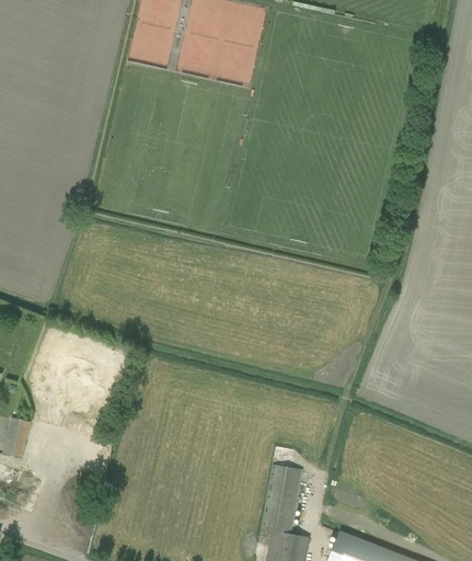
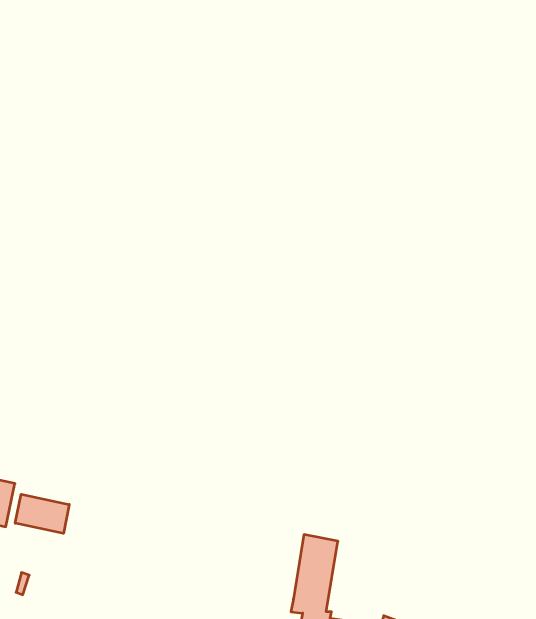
building: none -> [15,494,69,533]

